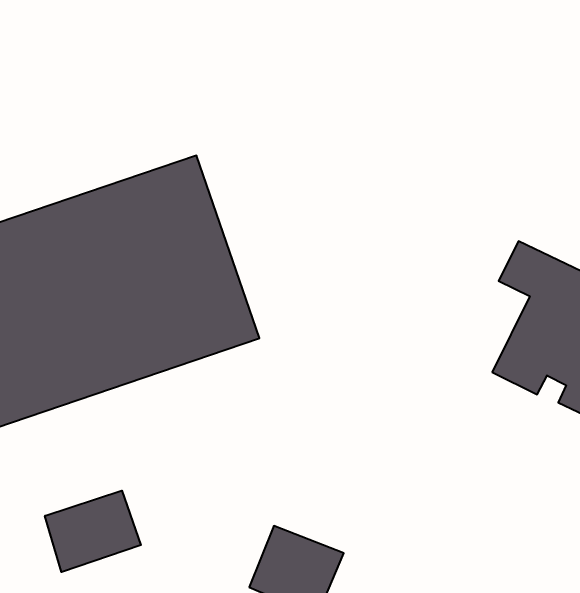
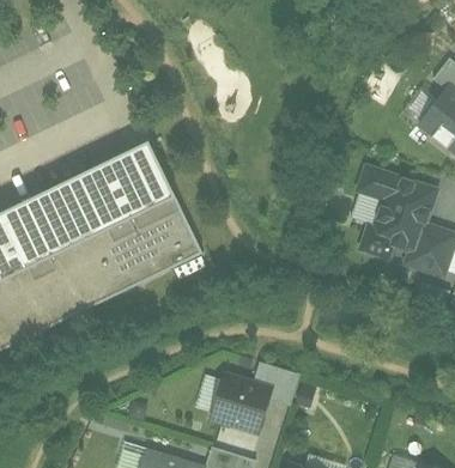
building: [45,491,141,572] -> none

